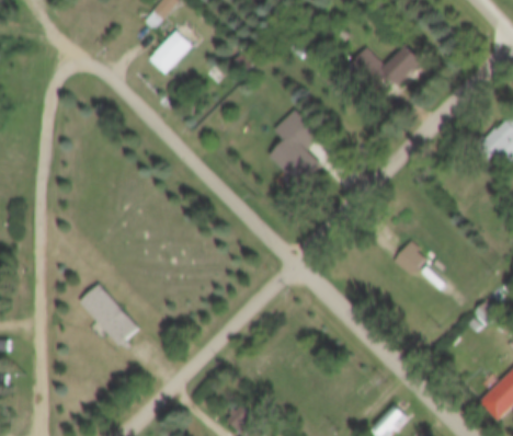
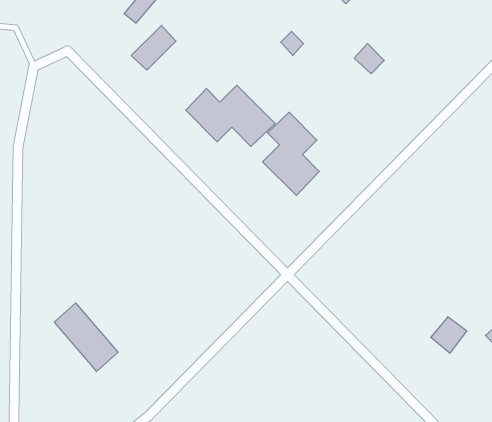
building: [383,42,423,83] -> none
building: none -> [186,85,275,146]
building: [392,243,425,276] -> [431,317,467,353]

